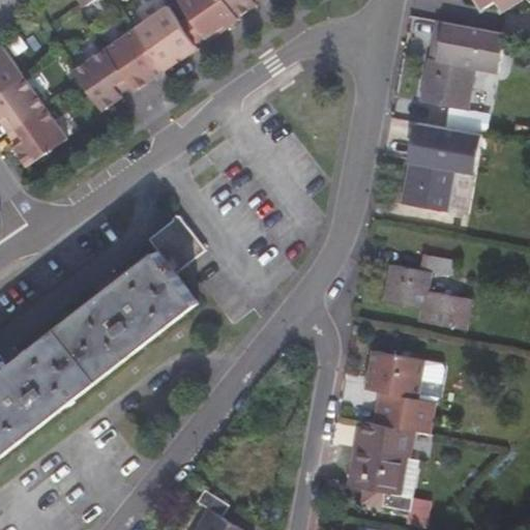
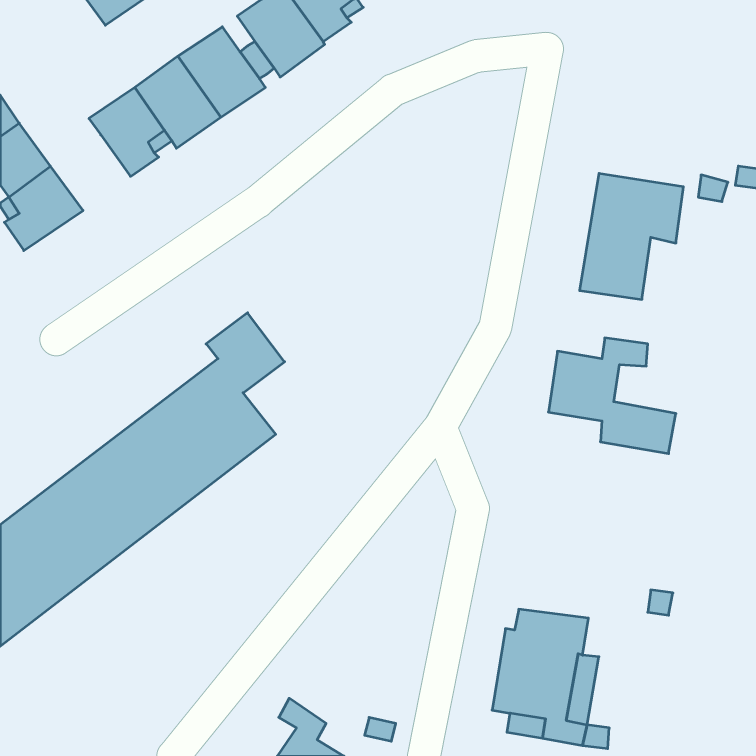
building: [412,19,505,118] -> none
building: [363,340,440,436] -> none

